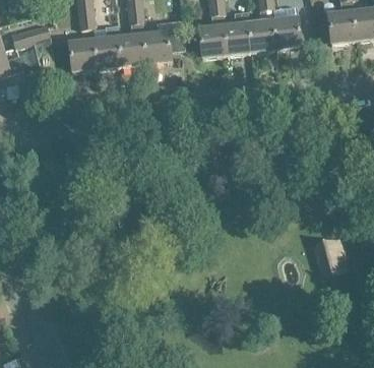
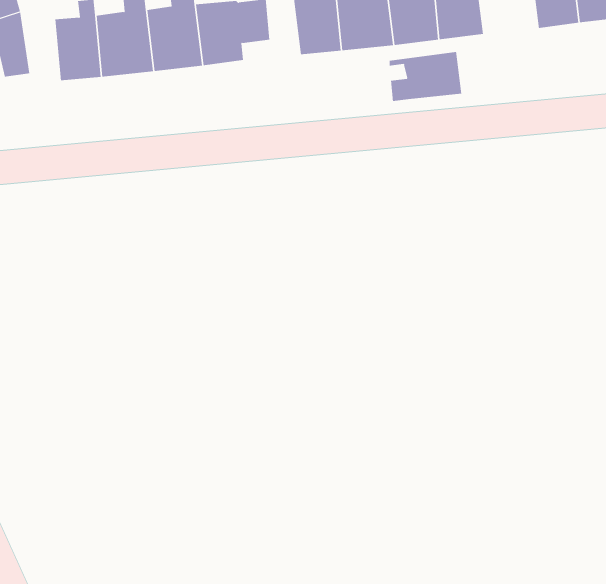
building: none -> [389,51,462,102]
building: [311,235,349,277] -> none

